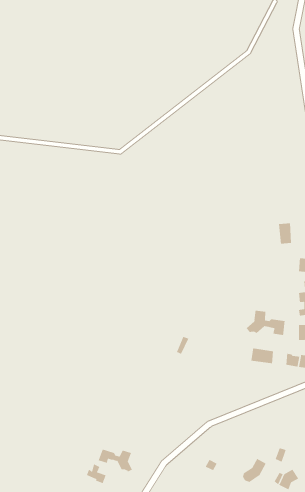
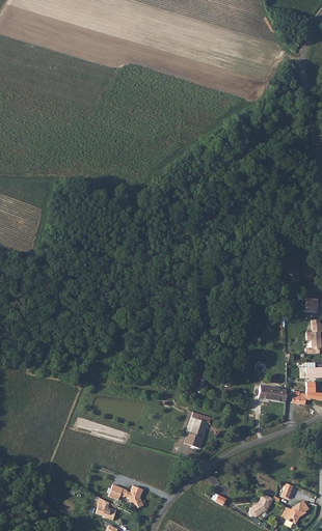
building: [246,310,285,336] -> none
building: none -> [183,412,206,447]

